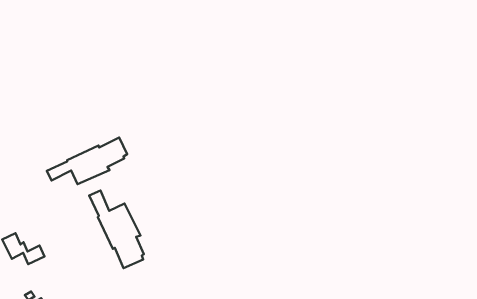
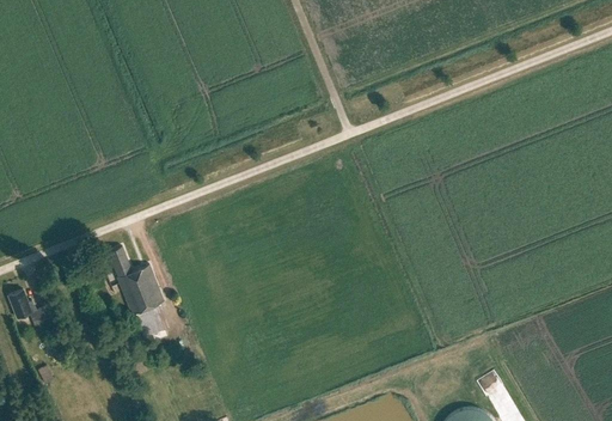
building: [47,137,127,184] -> none

